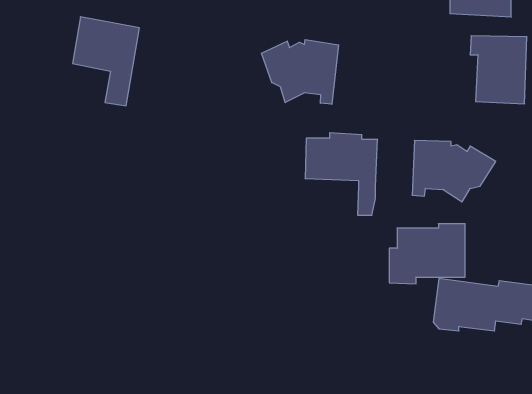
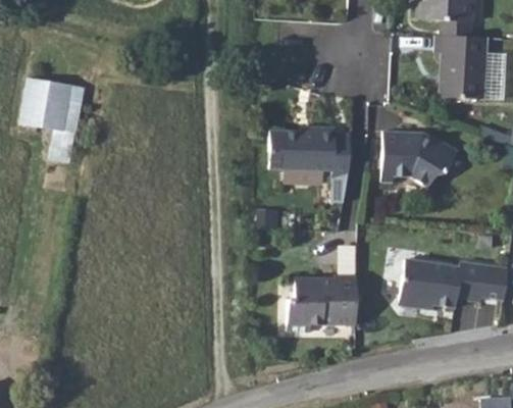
building: [73,17,139,106] -> [22,78,84,159]
building: [262,40,339,104] -> none
building: [389,224,465,284] -> [288,275,357,330]

